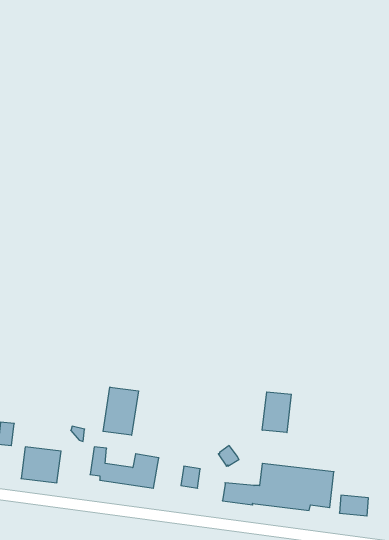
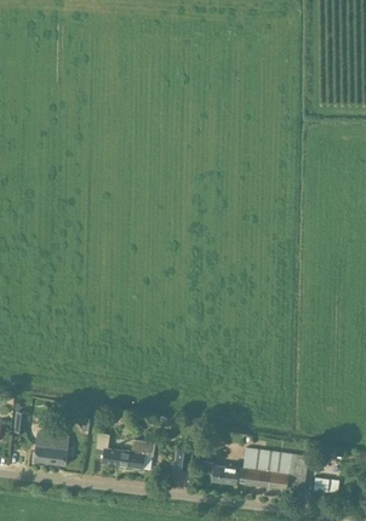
building: [103,387,138,435] -> none
building: [262,392,291,433] -> none

